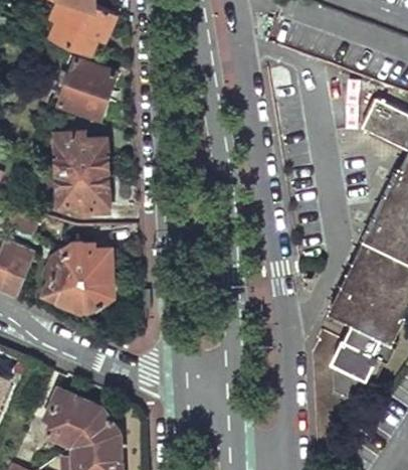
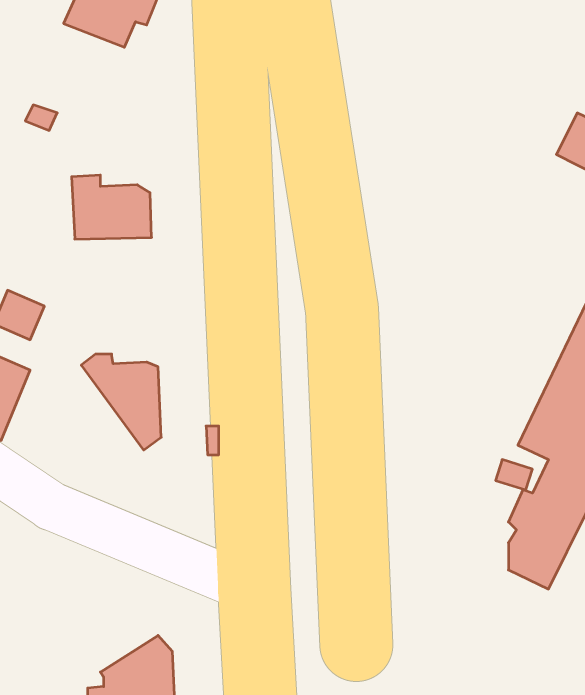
building: [57,59,116,122] -> none
building: [59,173,109,215] -> none
building: [40,245,103,316] -> none
building: [42,391,112,452] -> none

